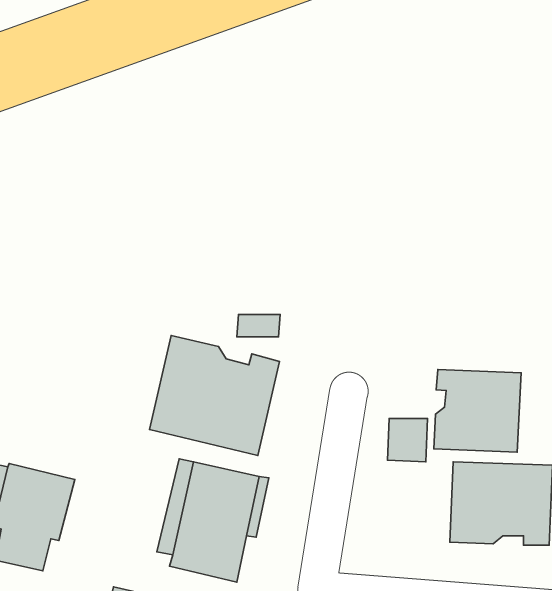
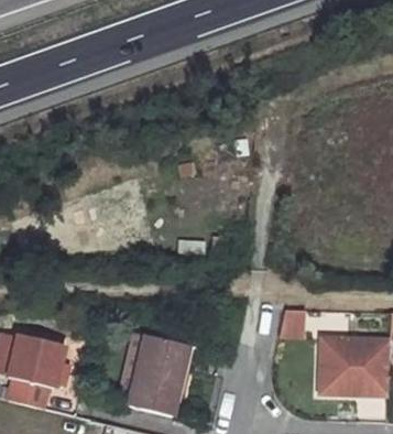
building: [150,335,279,455] -> none
building: [434,369,521,452] -> none

